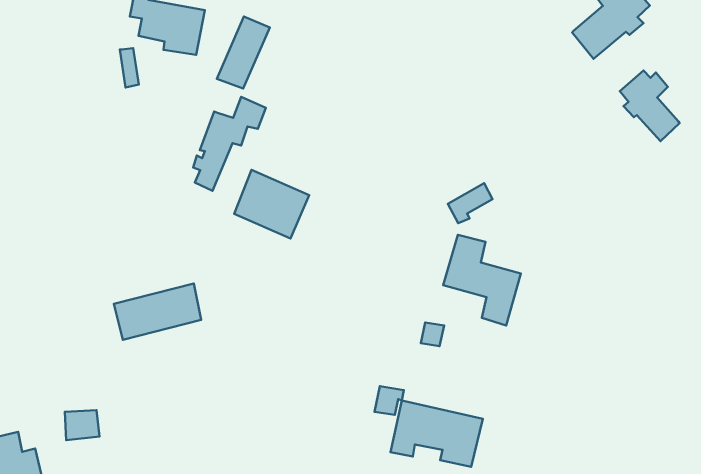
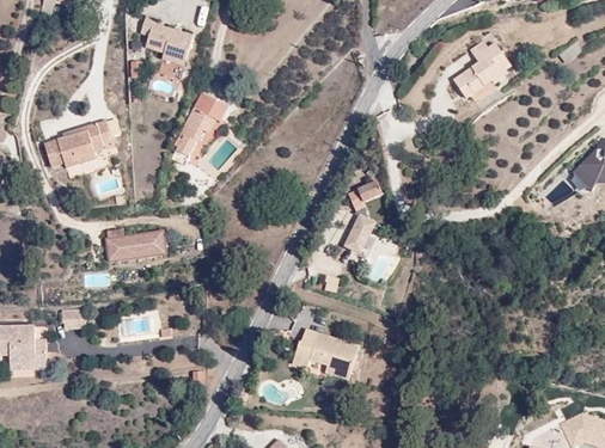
building: [217,17,270,88] -> none
building: [620,70,680,141] -> none
building: none -> [43,118,116,168]
building: [234,170,309,239] -> none

